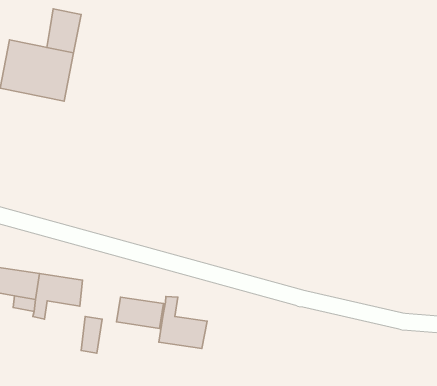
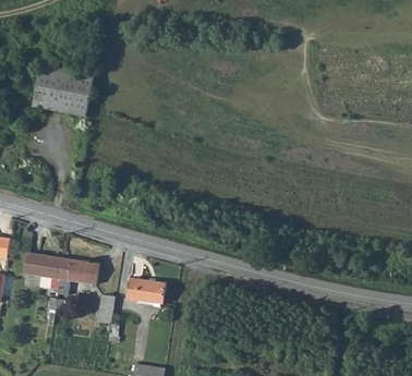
building: [47,9,81,53] -> none
building: [159,296,207,349] -> none

